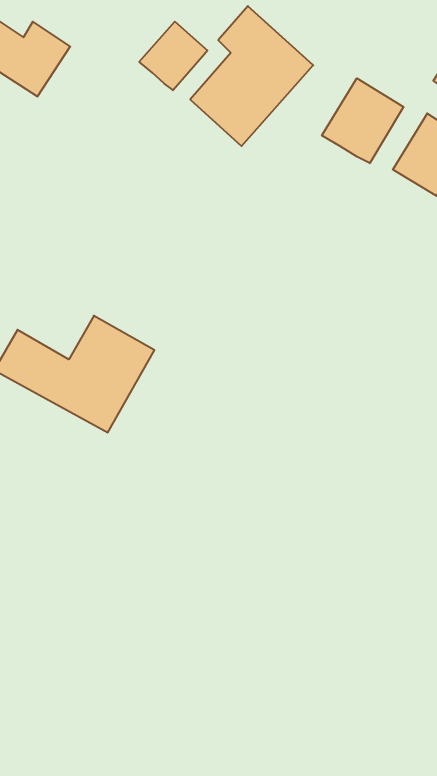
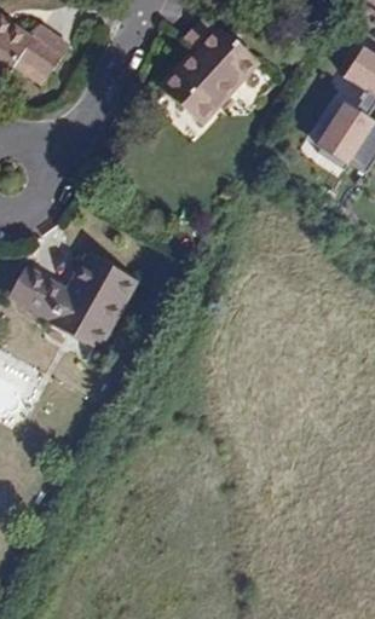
building: [139,22,207,90] -> none
building: [322,78,403,163] -> none

